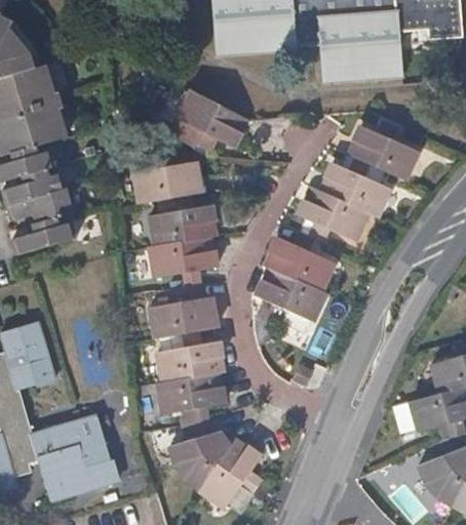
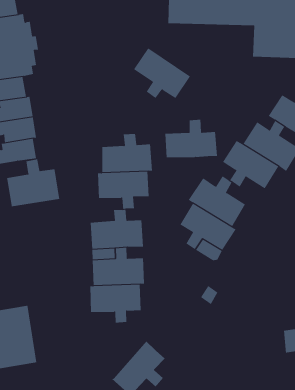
building: [137,151,203,202] -> [165,119,218,158]
building: none -> [6,158,60,207]
building: [171,419,236,488] -> none

